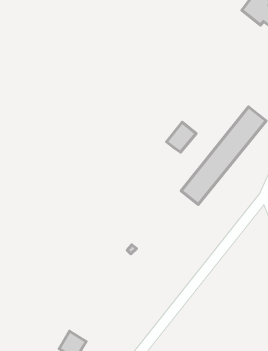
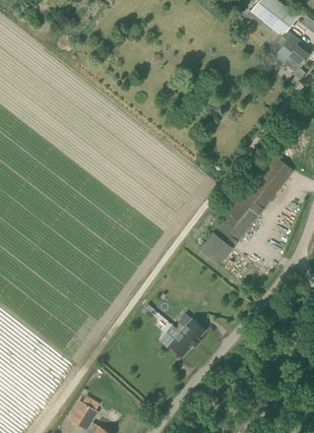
building: [167,122,196,152] -> none
building: none -> [170,319,206,357]

